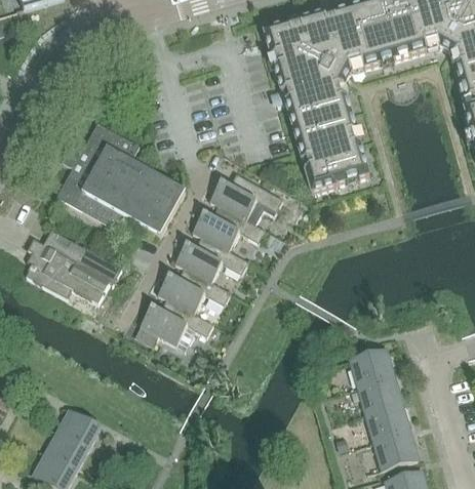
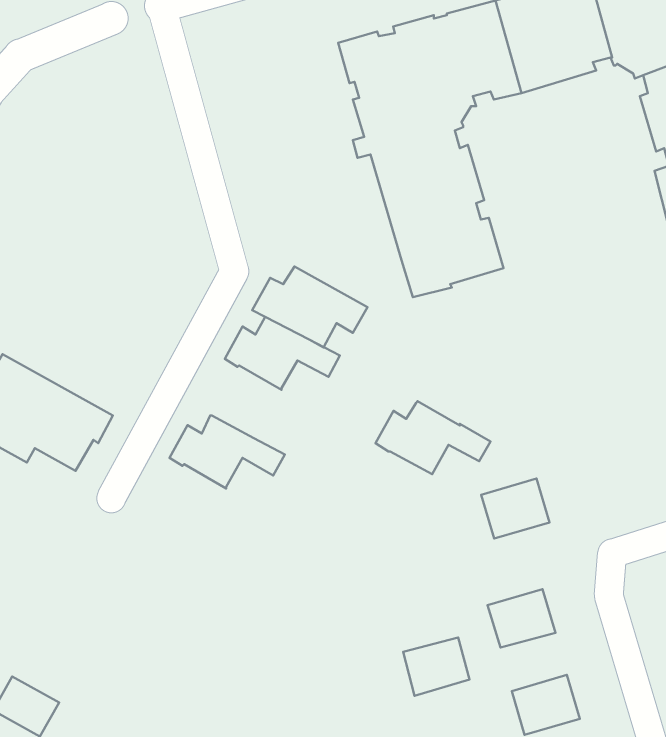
building: [55,122,185,234] -> none
building: [174,235,247,281] -> [376,401,491,474]
building: [140,297,212,349] -> none
building: [350,349,393,386] -> [481,479,549,539]
building: [366,404,408,441] -> [403,637,470,696]
building: [57,409,100,448] -> none

